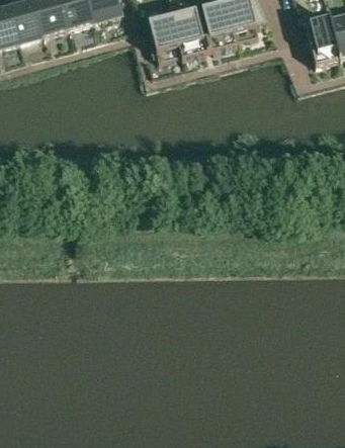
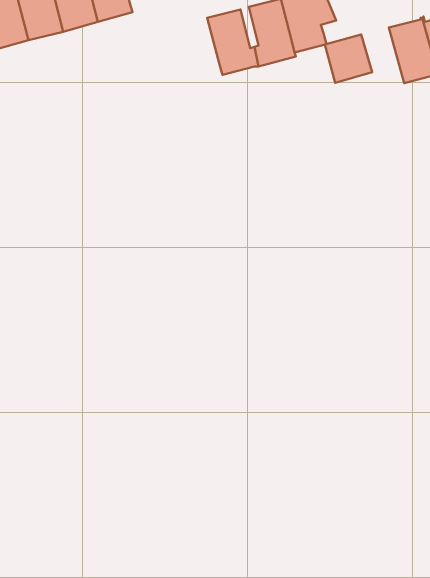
building: [149,10,183,60] -> none
building: none -> [325,35,372,83]

